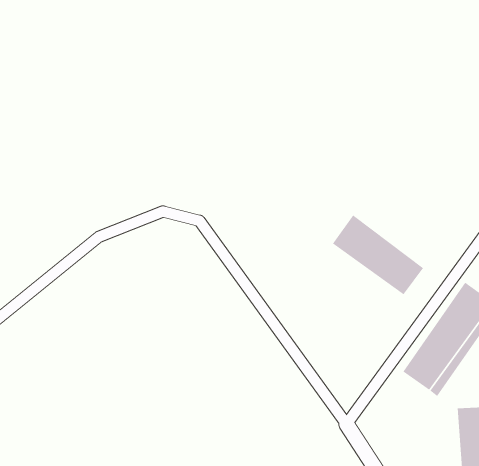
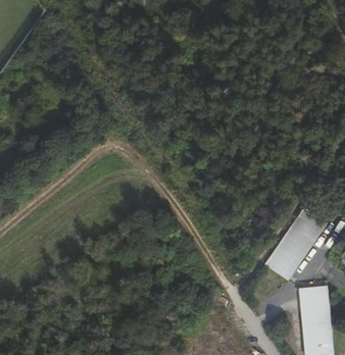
building: [332,214,424,295] -> none

